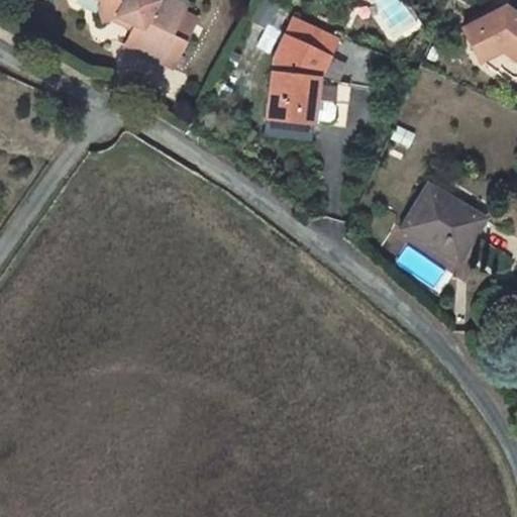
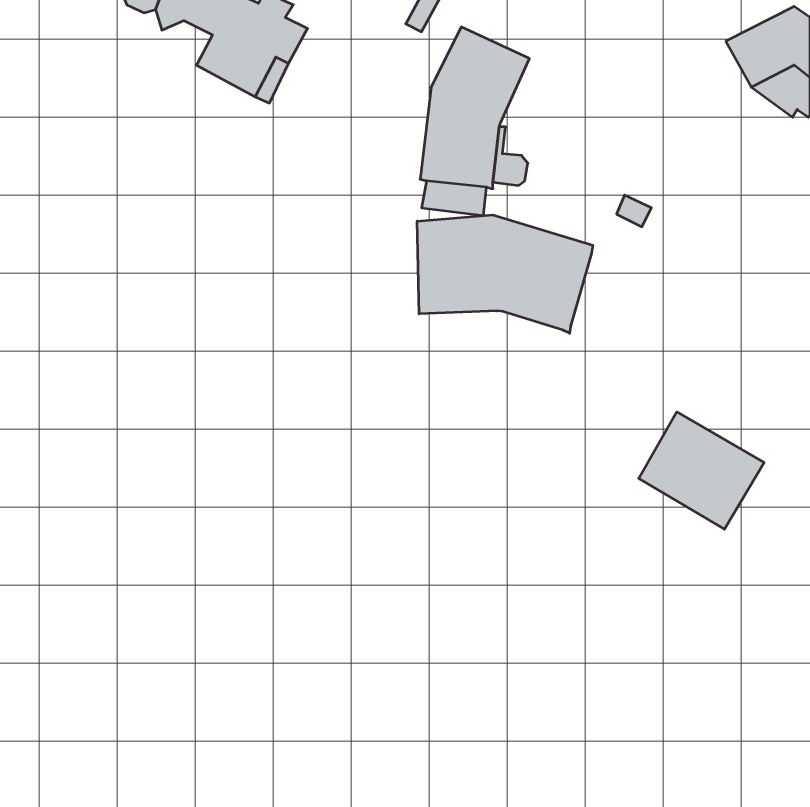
building: none -> [417,215,593,333]
building: [404,185,484,260] -> [639,412,764,529]

